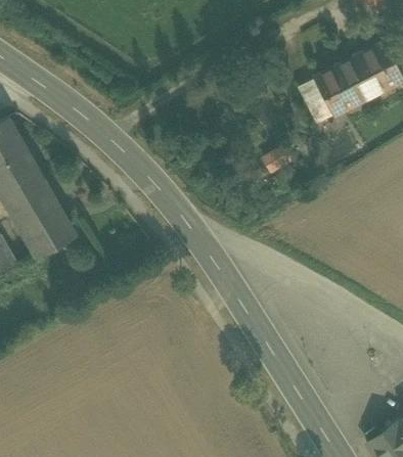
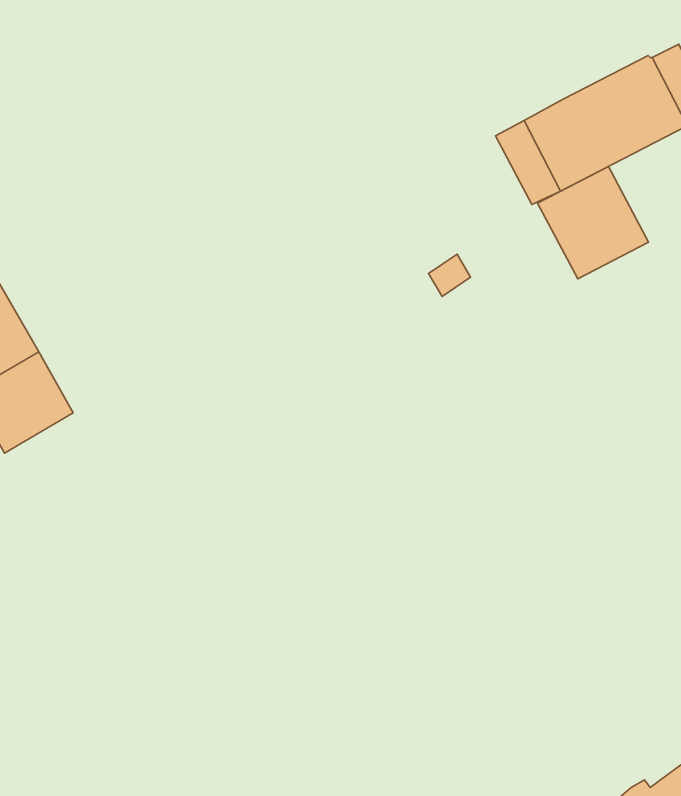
building: none -> [538,166,649,279]

